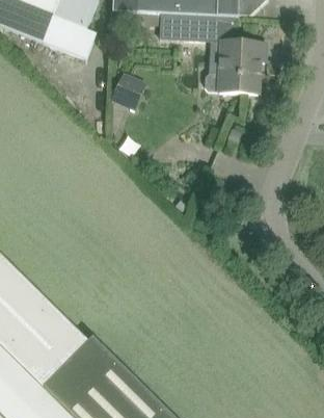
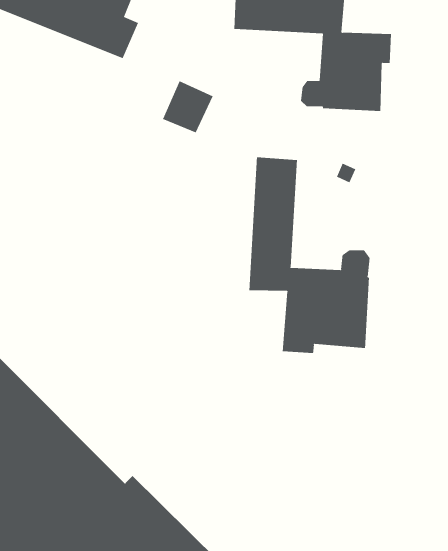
building: none -> [249,156,370,354]

